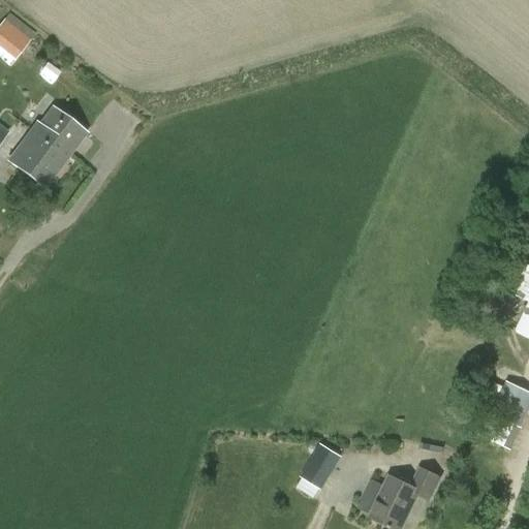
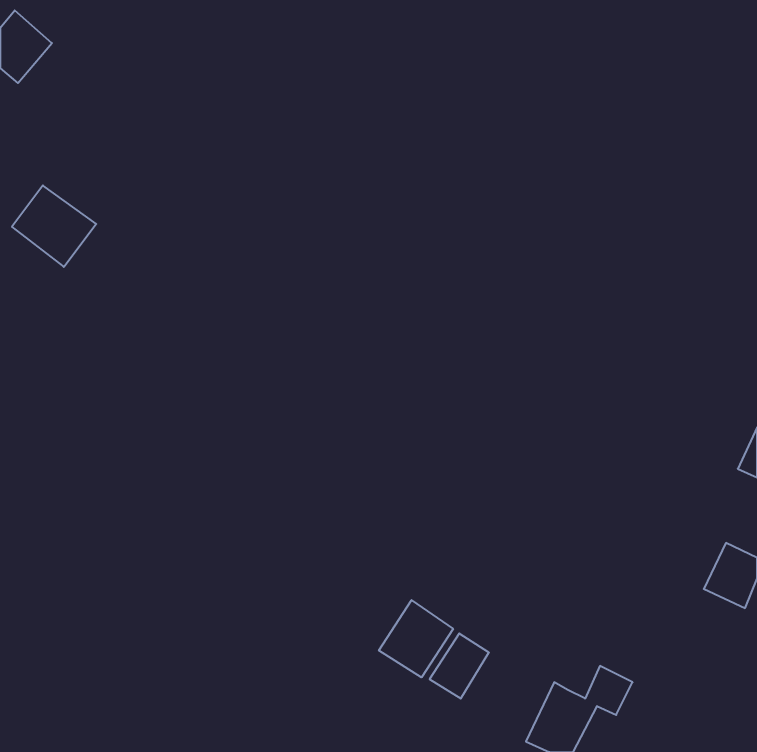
building: [30,104,86,156] -> none
building: none -> [379,600,453,677]

